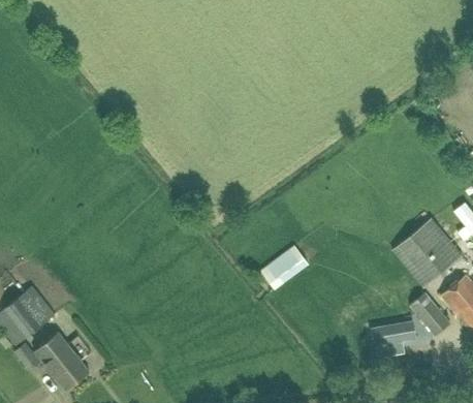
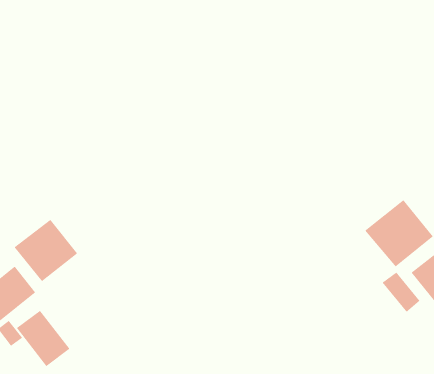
building: none -> [14,219,78,282]
building: [260,247,308,289] -> none
building: [366,316,421,359] -> none

